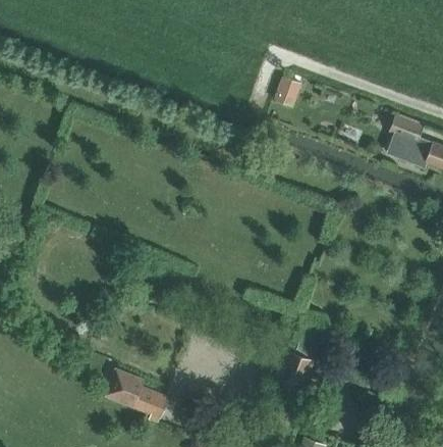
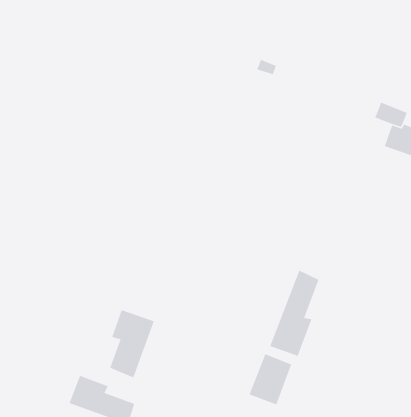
building: none -> [269,270,319,357]
building: none -> [109,309,155,378]

